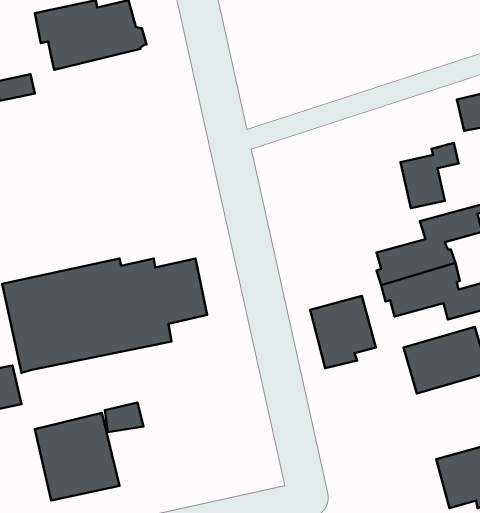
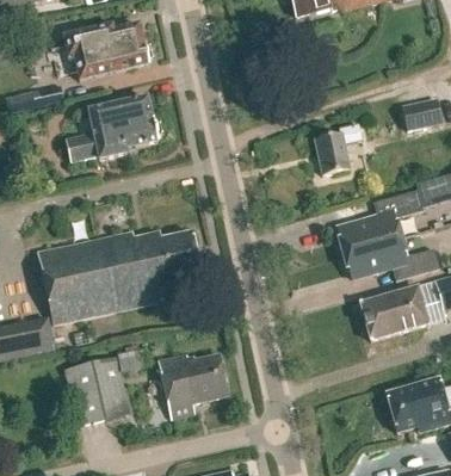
building: none -> [64,97,161,162]
building: [400,143,458,208] -> [314,123,360,175]
building: [310,296,376,368] -> none
building: none -> [157,354,228,418]

